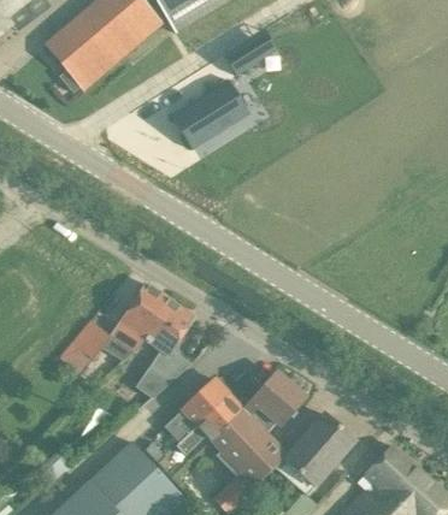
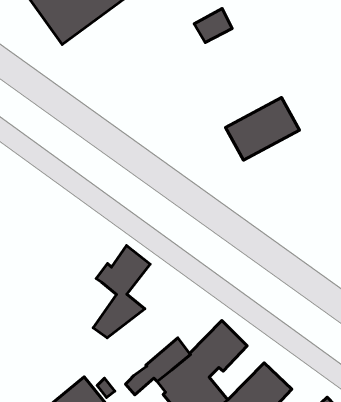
building: [171,79,250,149] -> [225,97,300,160]
building: [72,283,167,361] -> none
building: [164,378,229,442] -> none

